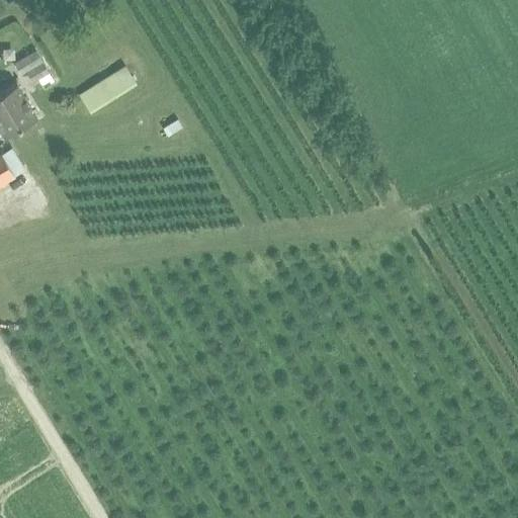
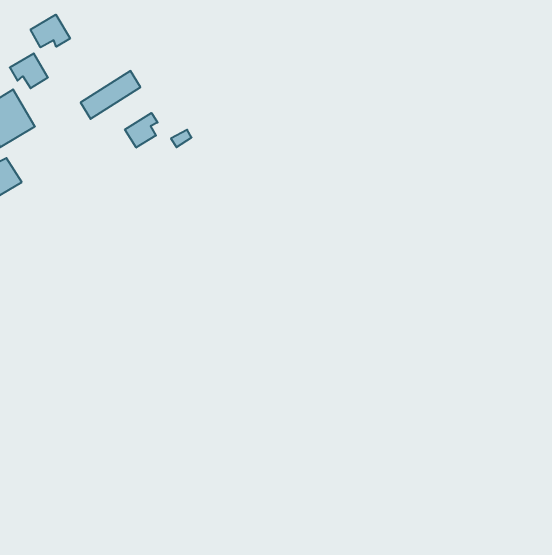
building: none -> [31,15,70,47]
building: none -> [125,113,158,148]

